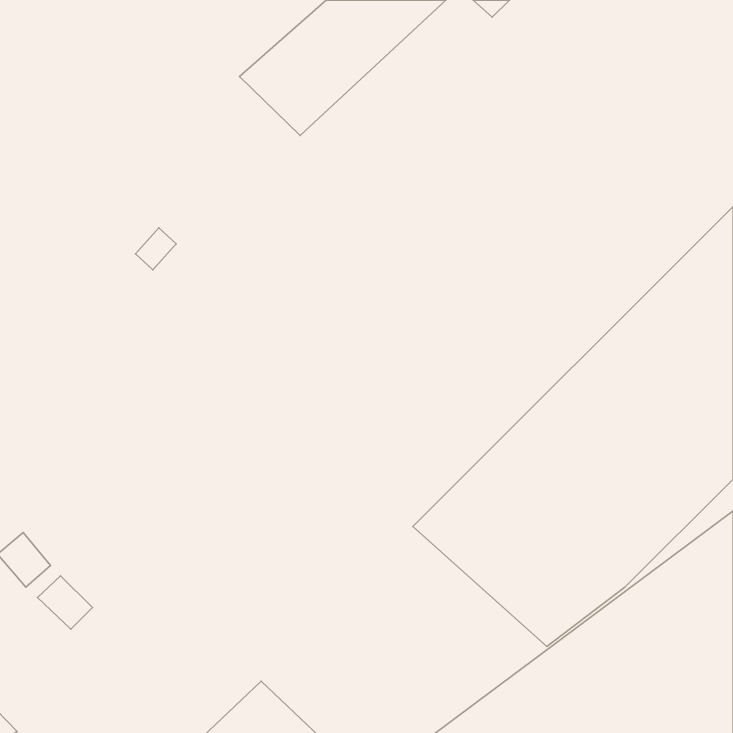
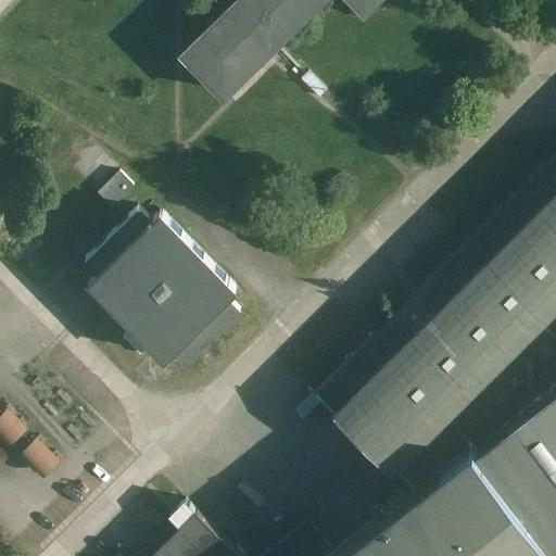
building: none -> [85,213,240,362]

